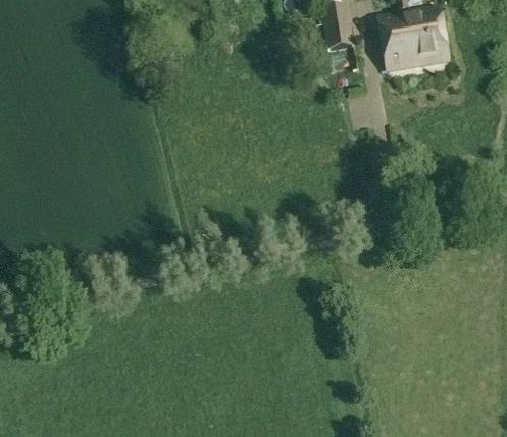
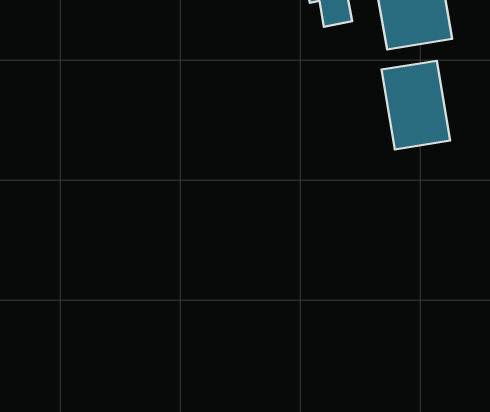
building: none -> [382,61,450,149]

